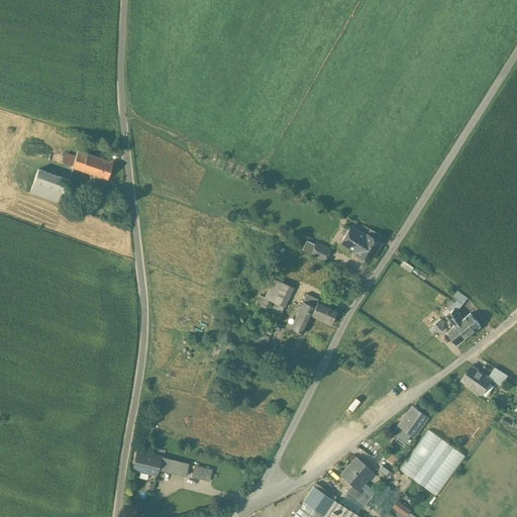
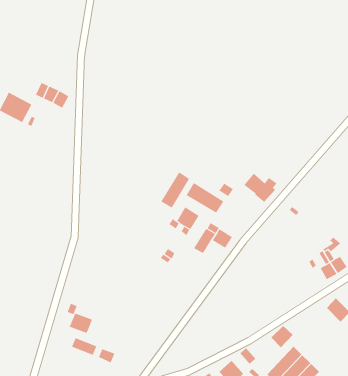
building: none -> [160,172,190,209]
building: none -> [186,182,224,214]
building: [132,451,161,475] -> [69,313,93,334]

